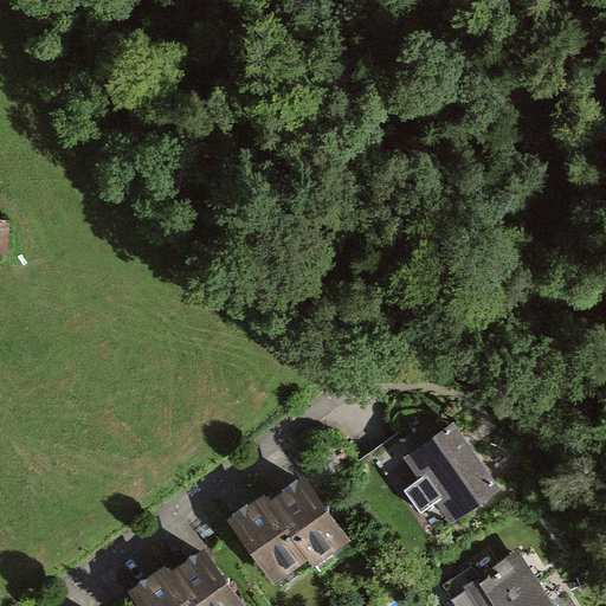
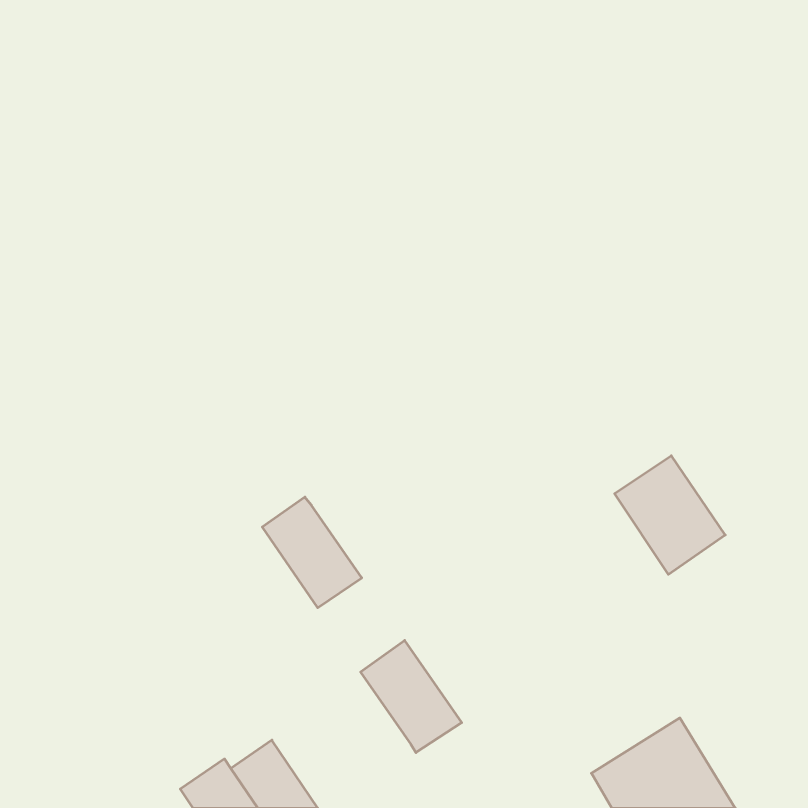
building: [411,428,494,517] -> [615,456,725,574]
building: [233,497,308,580] -> [262,497,362,608]

